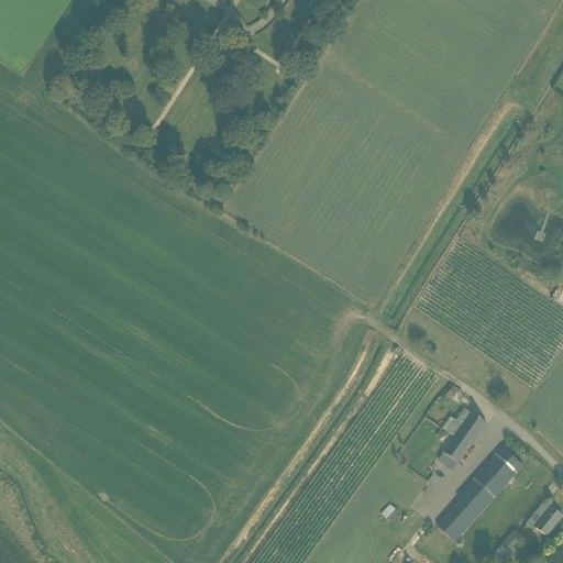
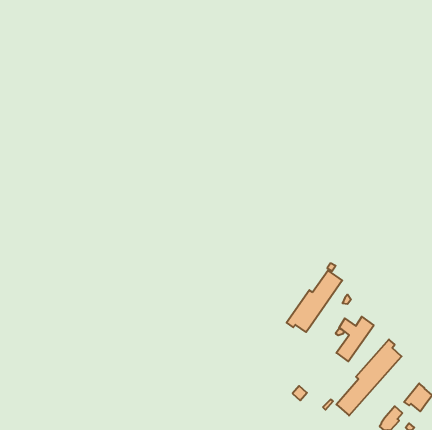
building: none -> [287,270,342,332]

